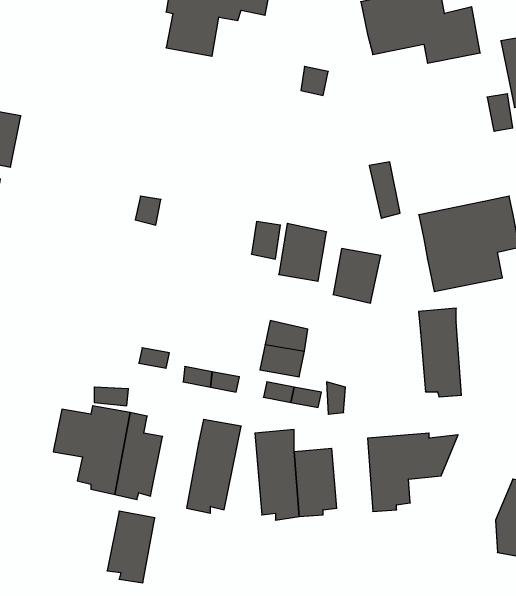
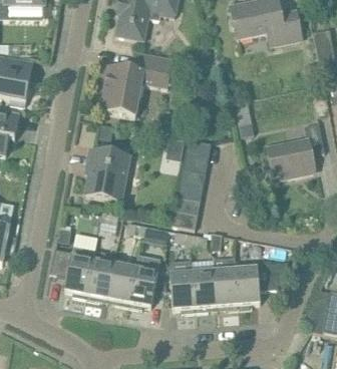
building: none -> [97,51,173,116]
building: none -> [85,148,129,201]
building: [333,249,381,303] -> [178,168,206,201]
building: [419,308,461,397] -> [213,257,238,309]
building: [107,511,155,583] -> [107,264,135,306]

